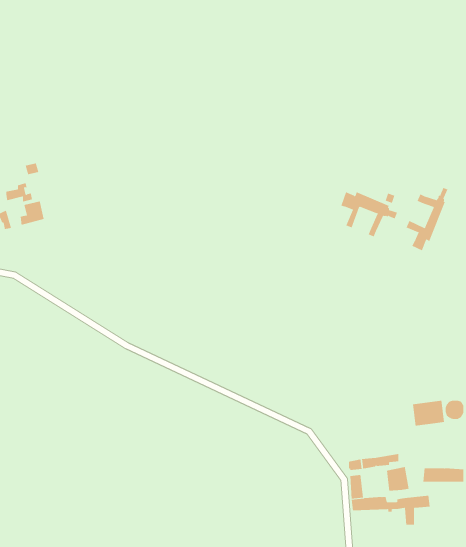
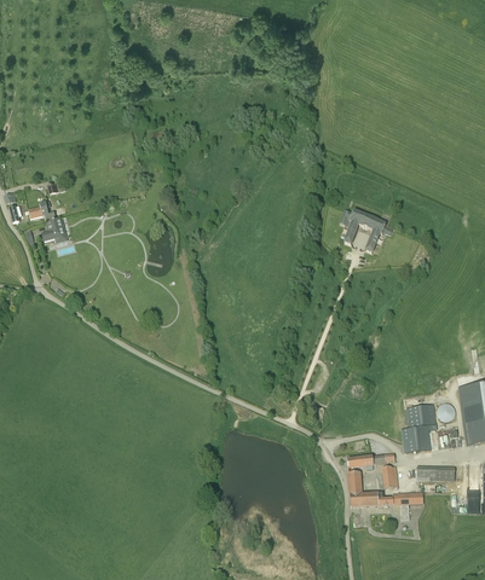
building: [406,187,448,251] -> none
building: none -> [402,424,437,452]

